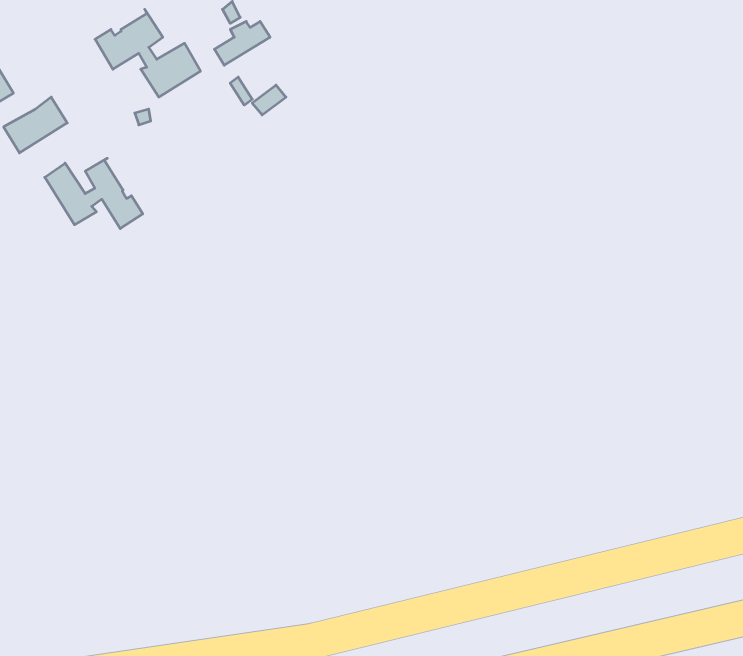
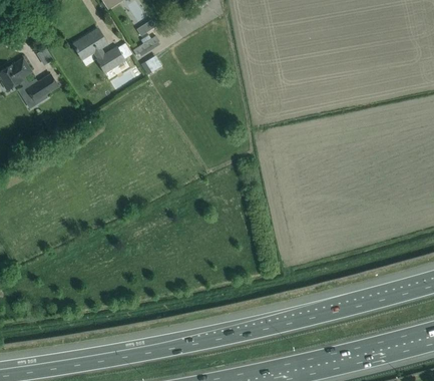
building: [45,158,143,229] -> none

